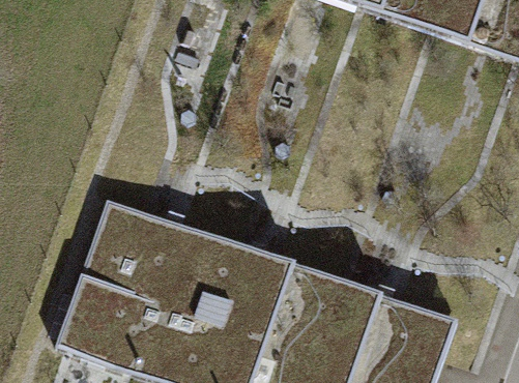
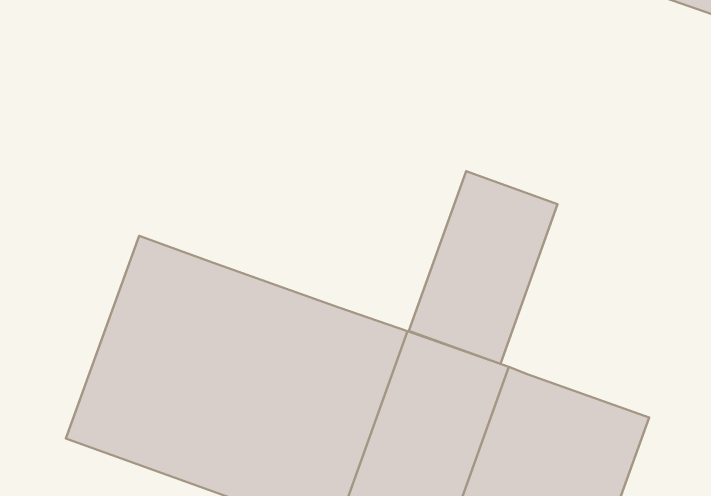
building: none -> [409,171,558,364]

